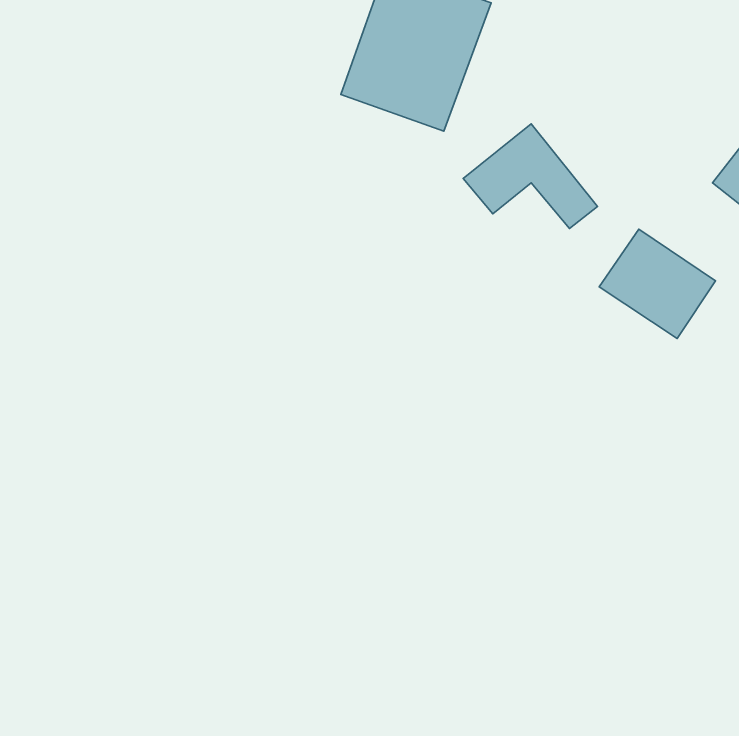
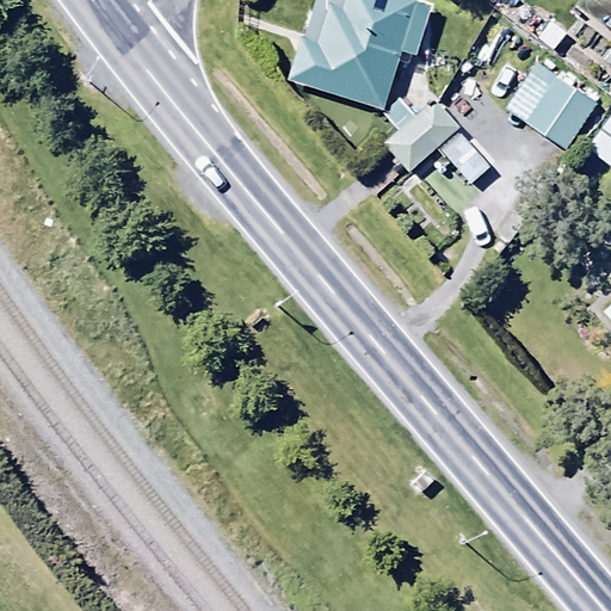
building: [599,229,716,338] -> [508,64,603,153]

